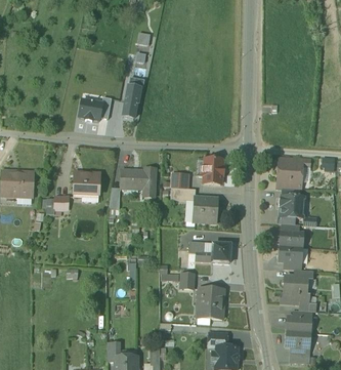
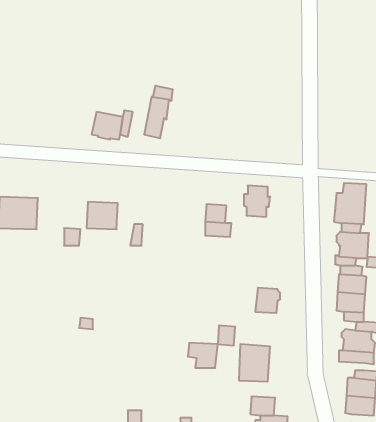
building: [121,167,155,196] -> none
building: [193,197,217,222] -> none
building: [188,241,213,261] -> [188,343,218,368]

